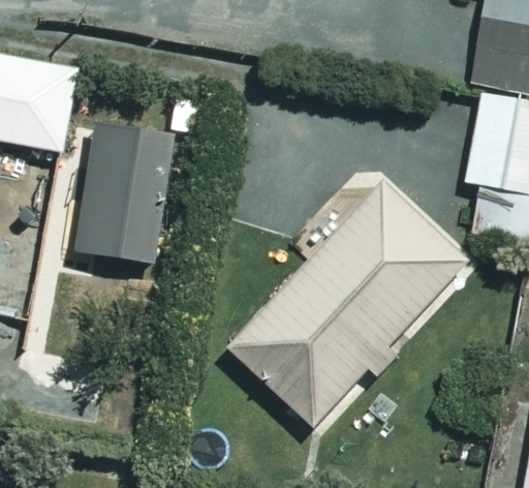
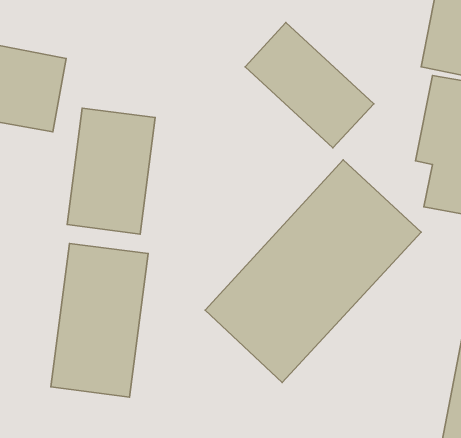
building: none -> [245,23,374,148]
building: none -> [51,243,148,397]

